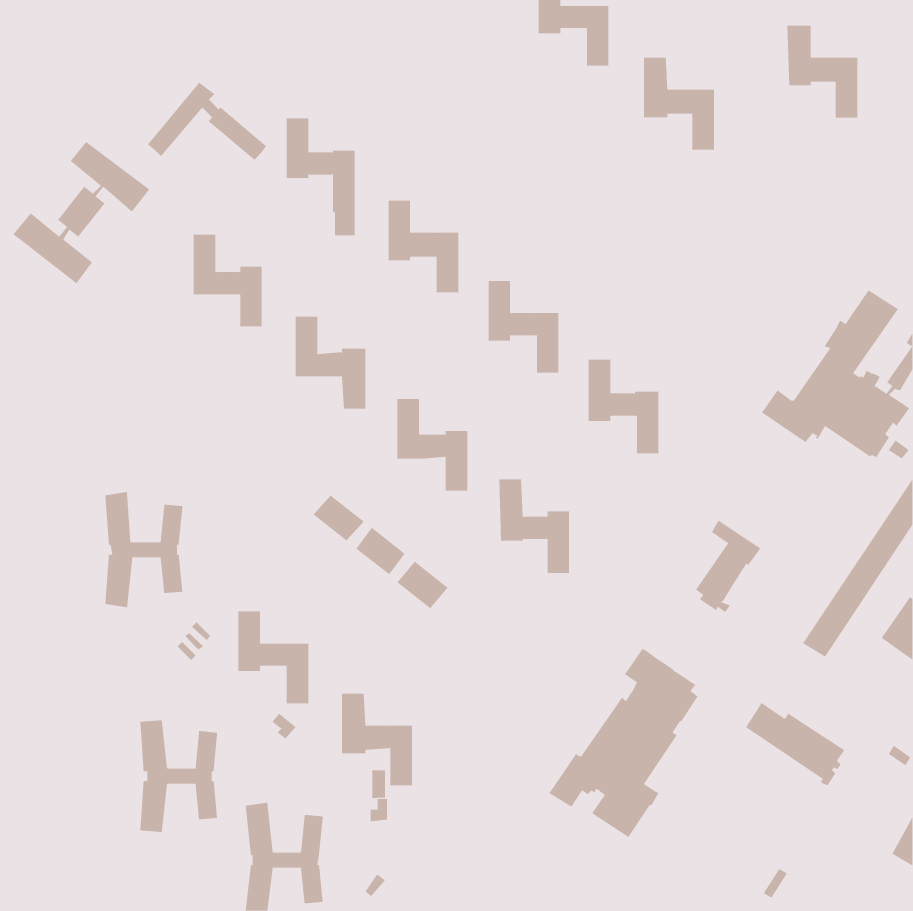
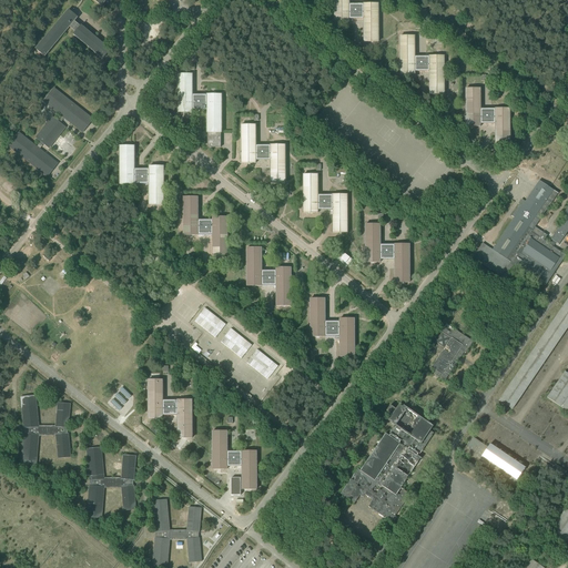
building: [787,25,858,118] -> [465,88,509,145]
building: [147,82,267,160] -> [36,9,110,58]
building: [104,492,185,608] -> [21,394,71,466]

